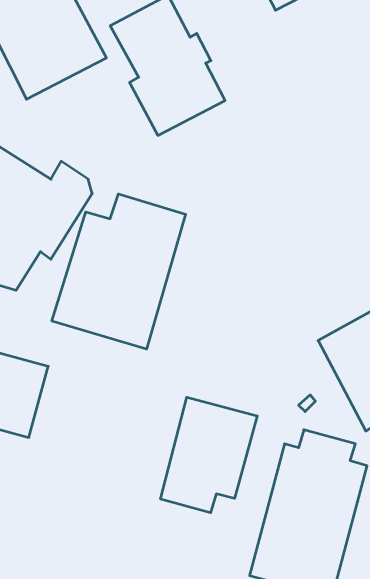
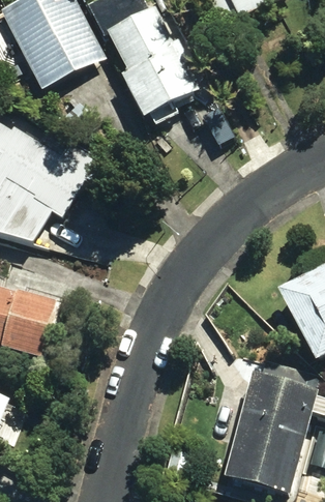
building: [52,194,186,349] -> none
building: [161,397,257,513] -> none

